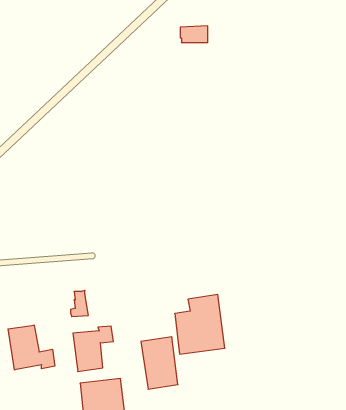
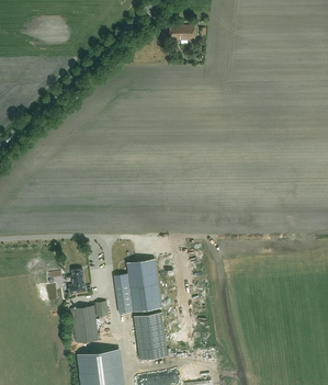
building: [175,294,225,354] -> [114,259,160,314]
building: [8,325,55,370] -> none

